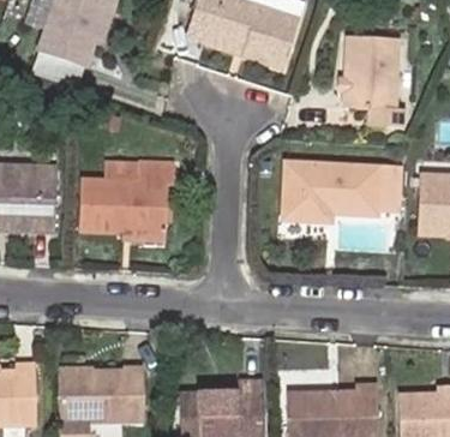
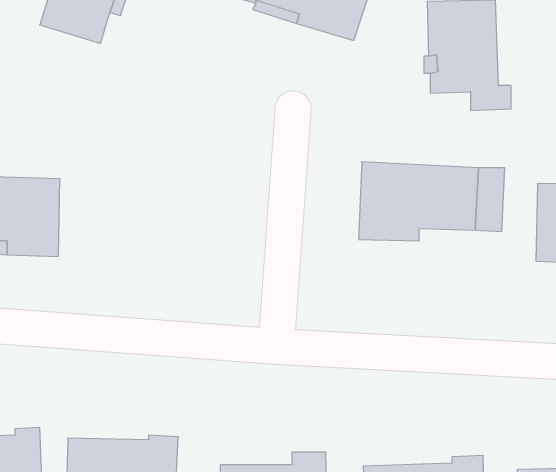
building: [77,162,172,232] -> none

